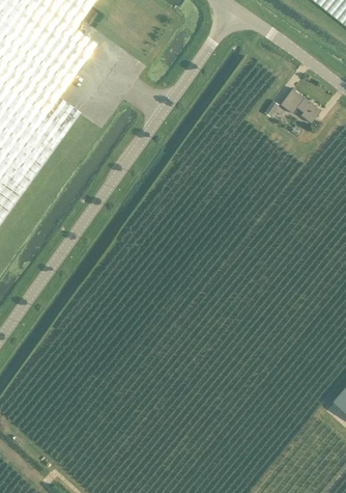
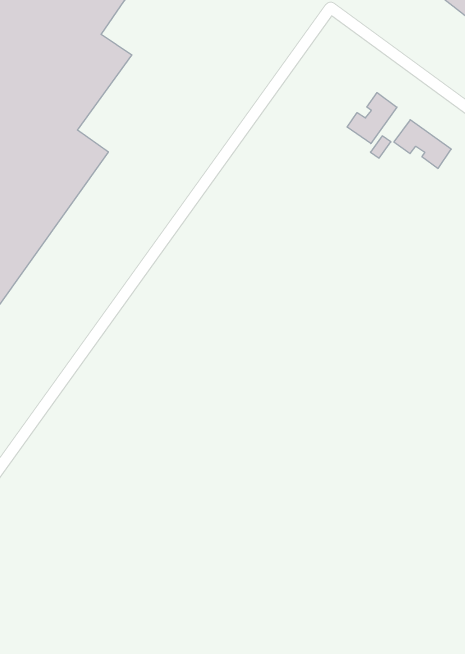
building: none -> [347,93,397,144]

